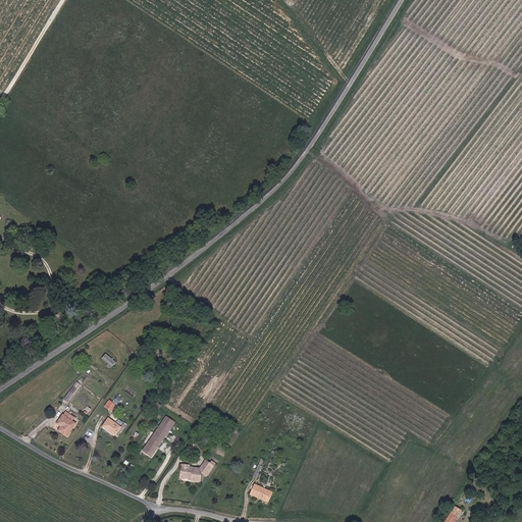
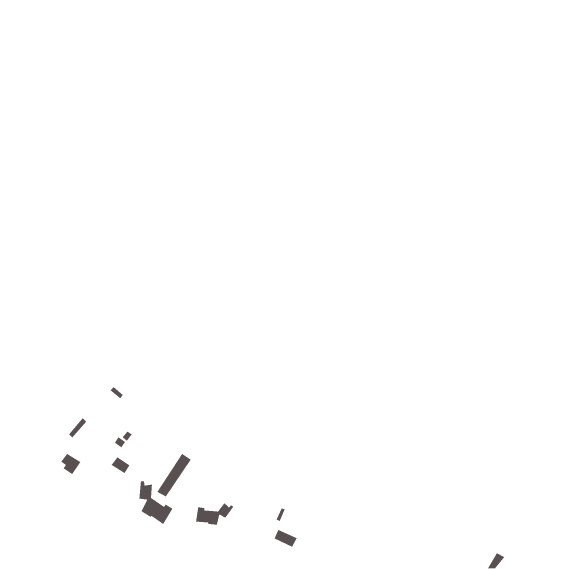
building: none -> [139,481,174,525]

